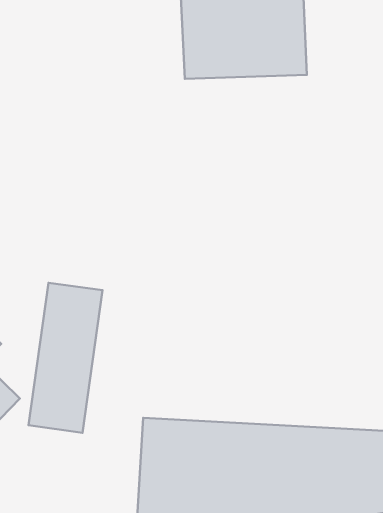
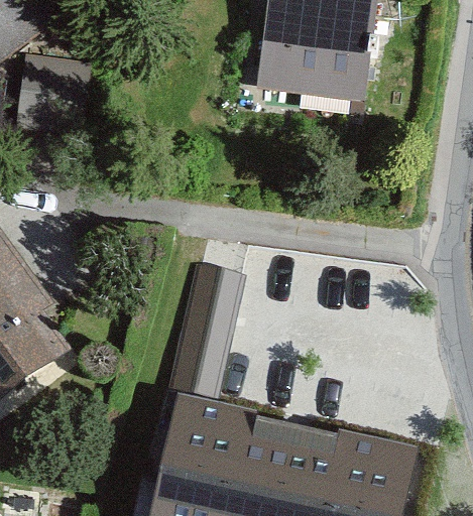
building: [28,283,102,433] -> [162,259,247,398]

